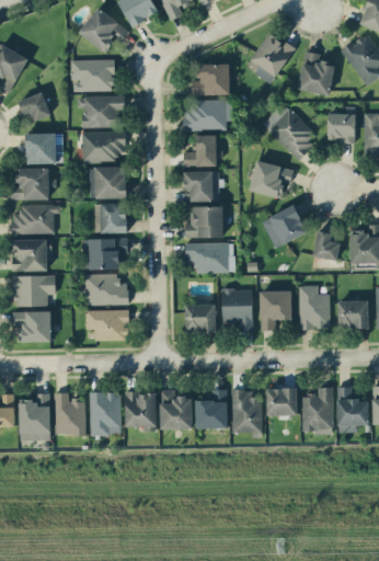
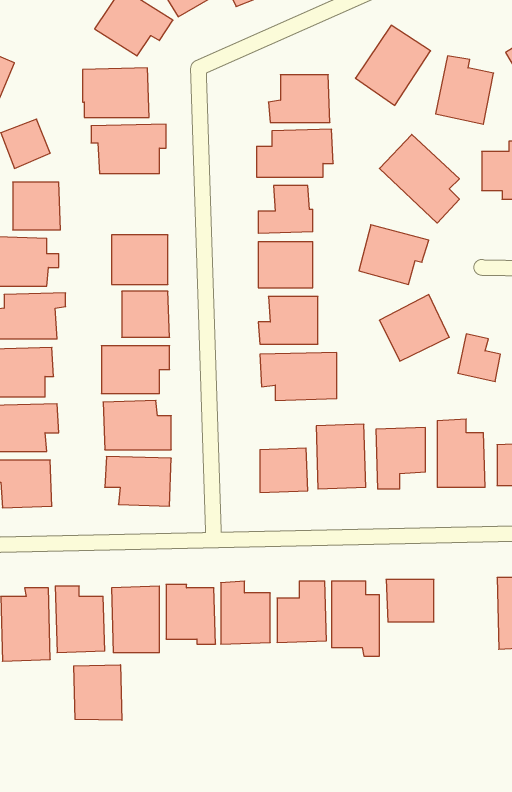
building: [82,130,126,162] -> none
building: [301,387,333,434] -> none
building: none -> [74,665,122,720]

